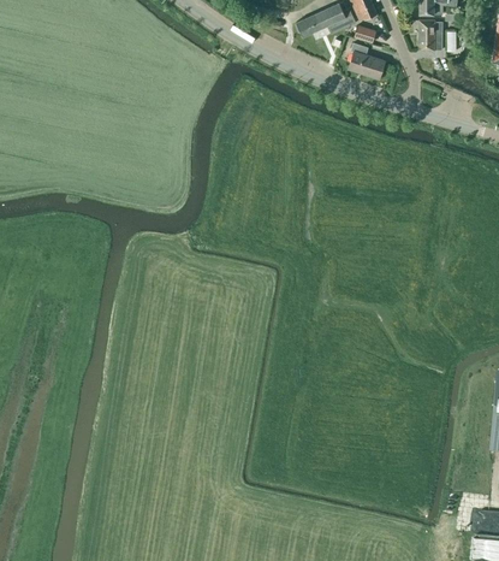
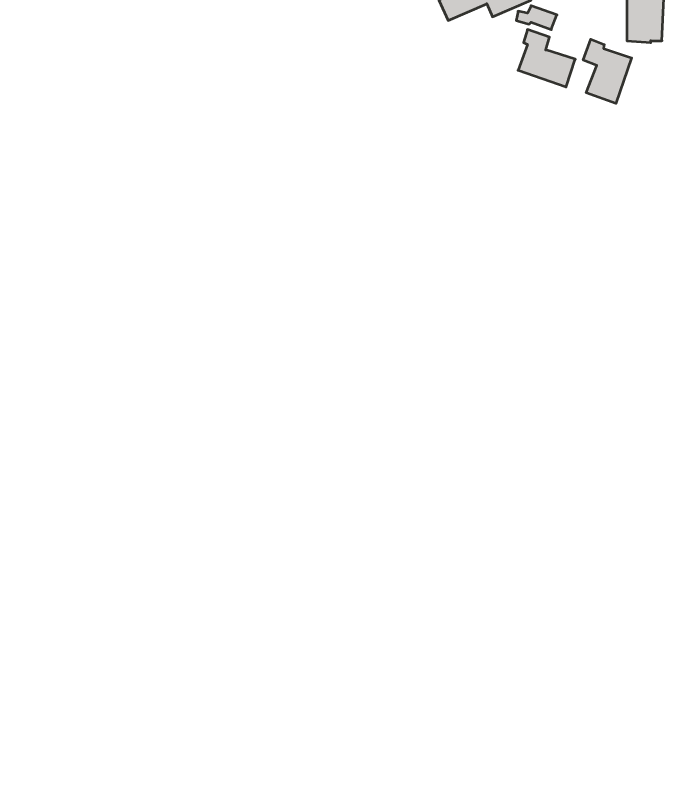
building: none -> [583,39,632,103]

